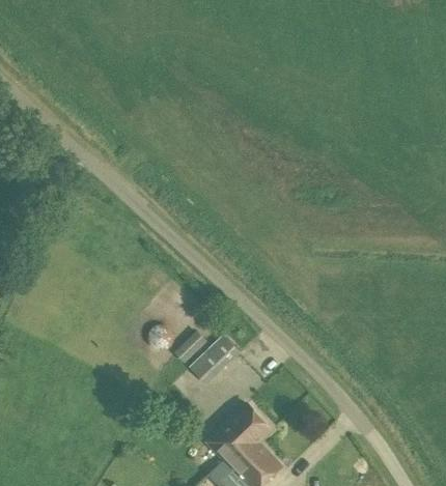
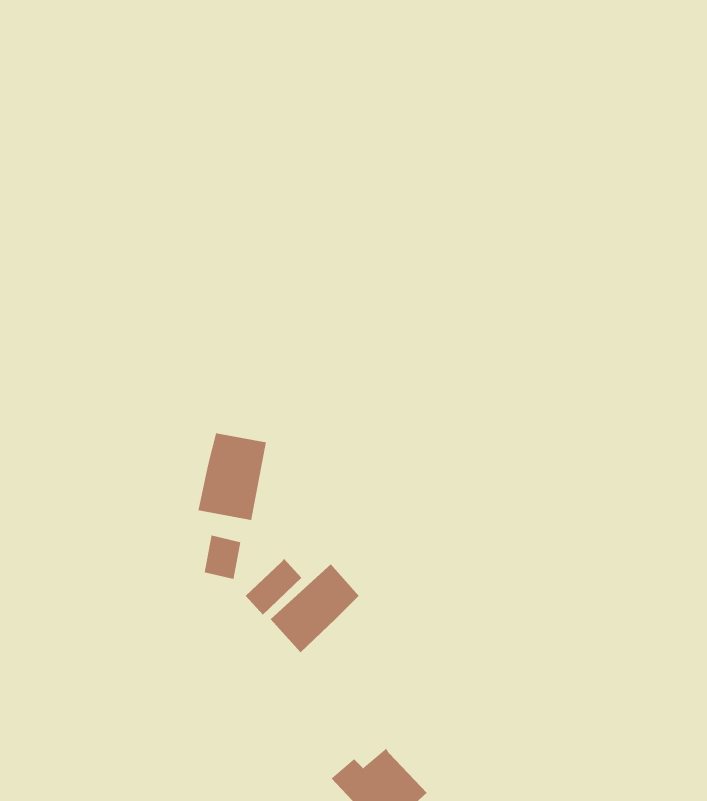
building: none -> [198,433,266,521]
building: [206,404,271,458] -> none

